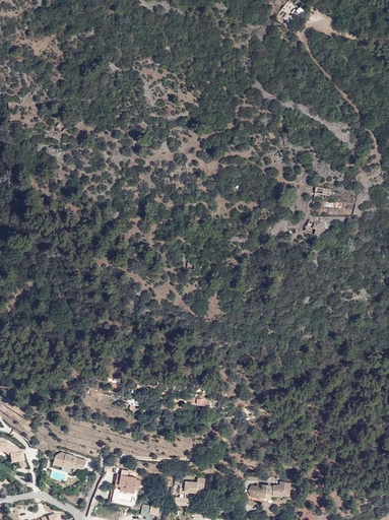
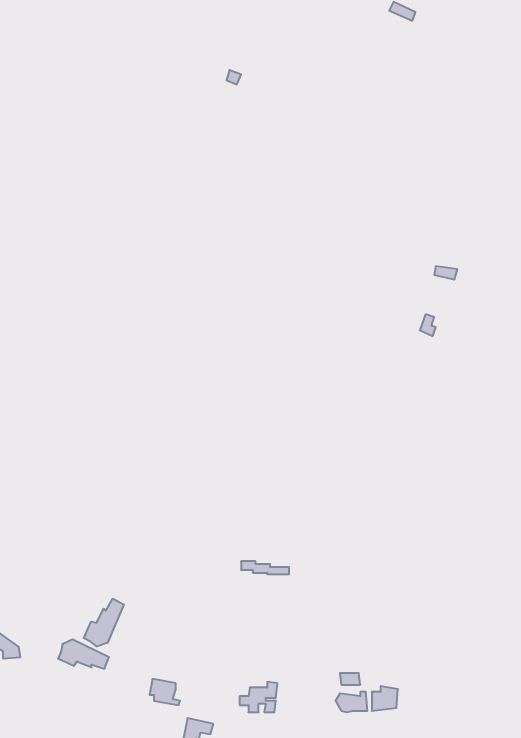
building: none -> [84,599,124,646]

